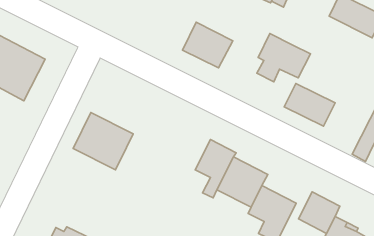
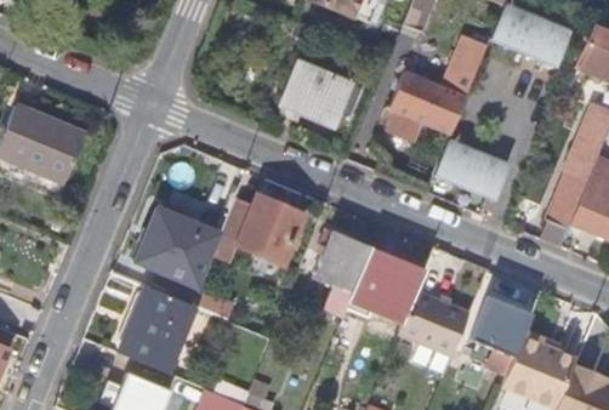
building: none -> [443,38,489,96]
building: none -> [210,193,302,264]
building: none -> [118,285,197,372]

